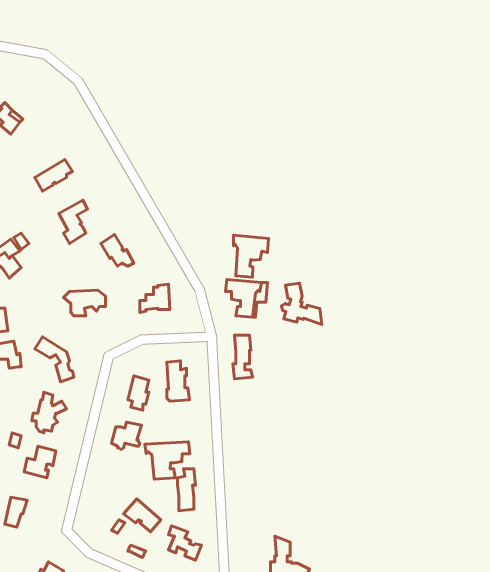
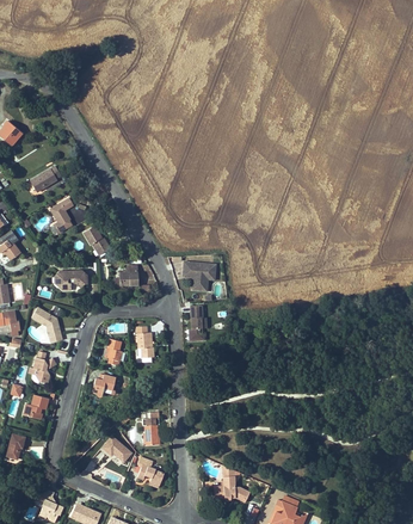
building: [233,235,268,277] -> none
building: [281,283,322,324] -> none
building: [145,442,190,479] -> none

